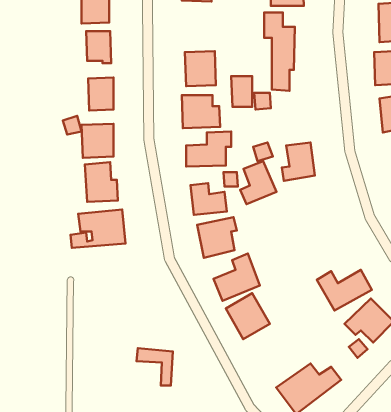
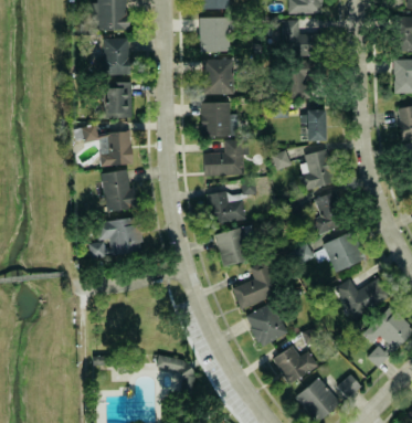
building: none -> [200,17,230,51]
building: [231,76,252,107] -> [305,109,326,140]
building: [240,161,276,204] -> [311,191,348,234]
building: none -> [323,231,366,272]
building: none -> [272,346,317,385]

